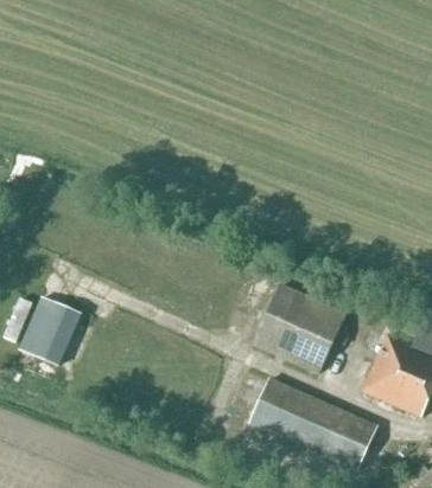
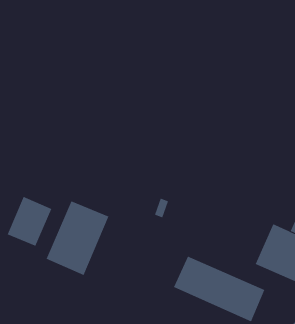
building: [253,274,349,371] -> none
building: none -> [46,201,109,276]

